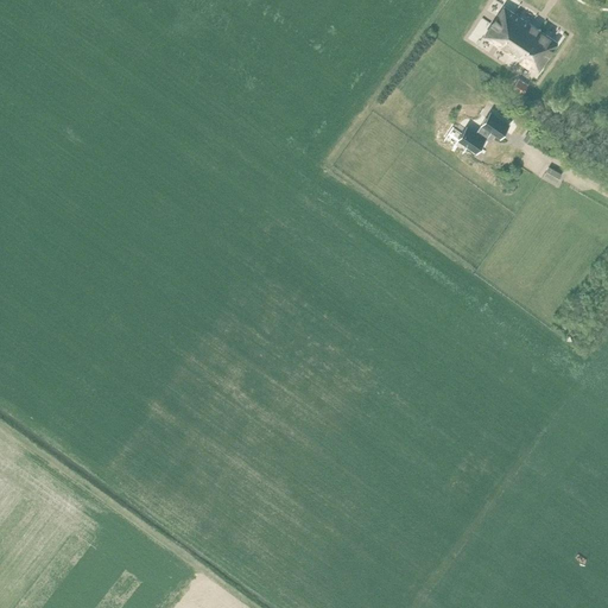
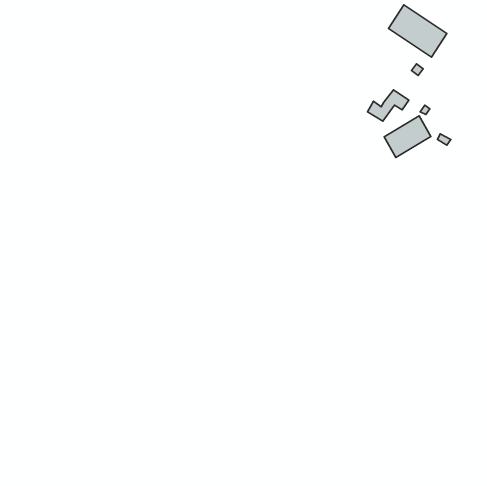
building: none -> [384,116,431,157]

